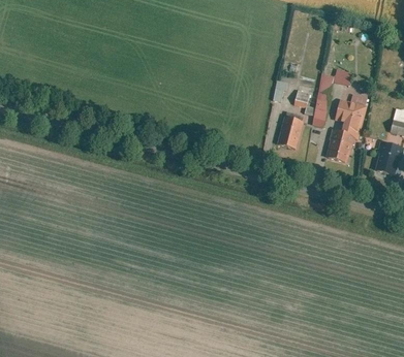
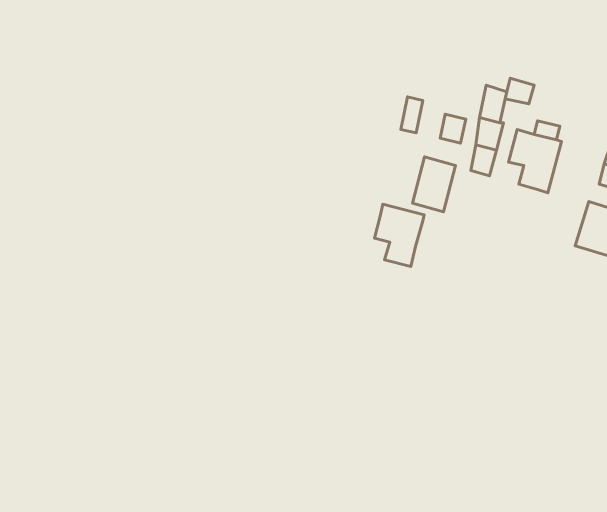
building: [325,130,352,162] -> none
building: none -> [374,204,424,267]

